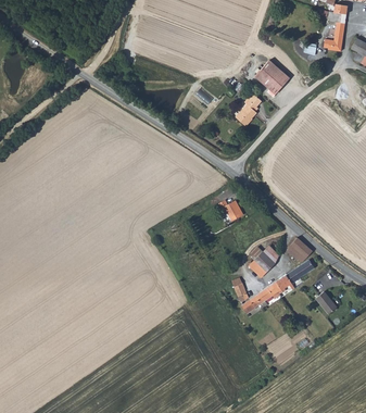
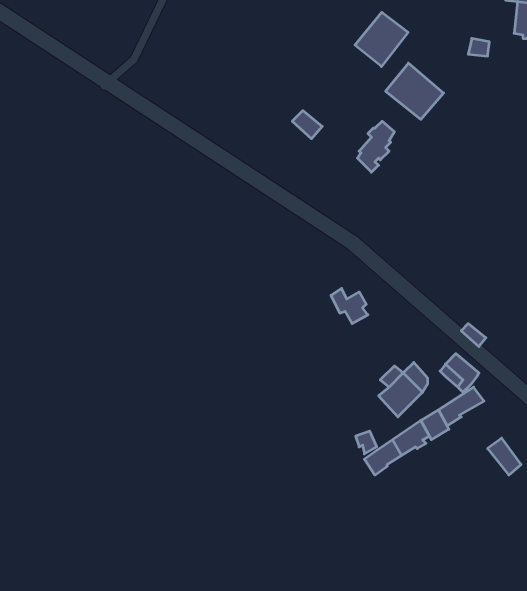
building: none -> [355,12,408,67]

